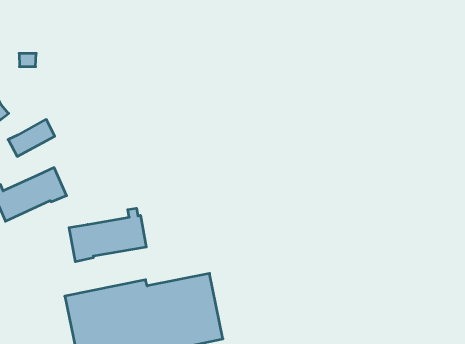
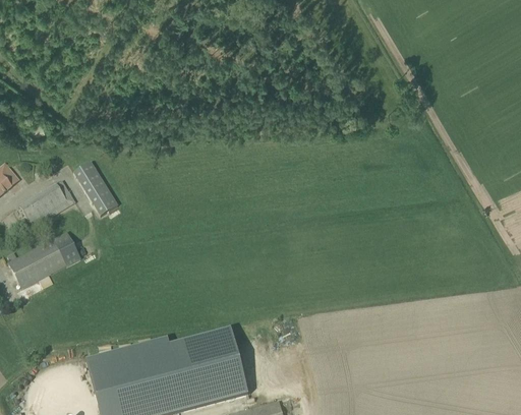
building: none -> [74,162,117,216]
building: [69,208,146,262] -> none

